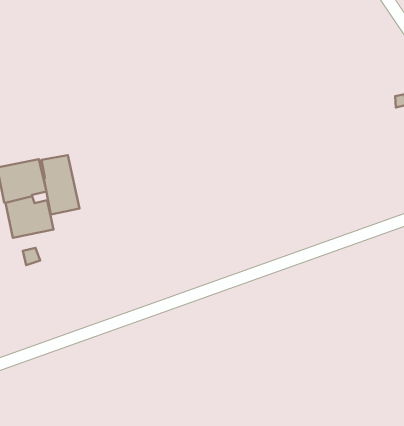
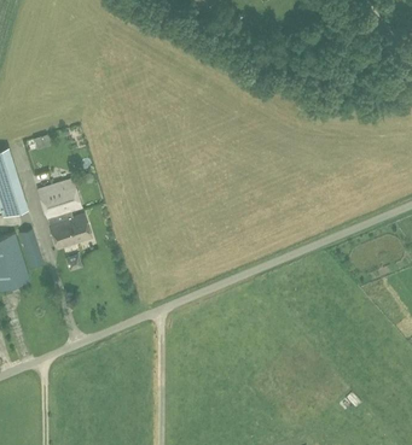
building: [41,155,79,214] -> none

